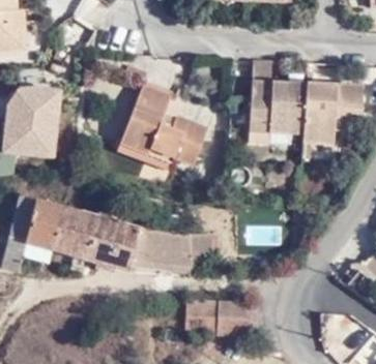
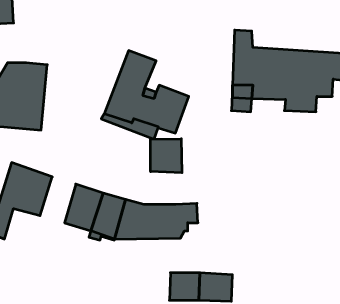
building: none -> [150,139,182,173]
building: [54,208,90,254] -> none

